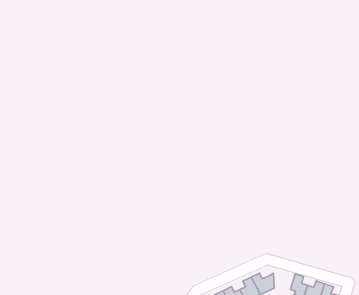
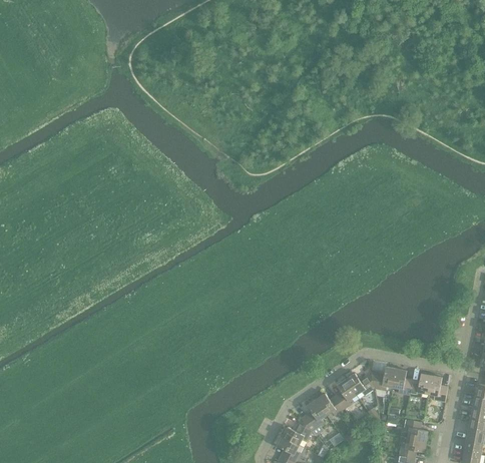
building: none -> [370,366,395,390]

